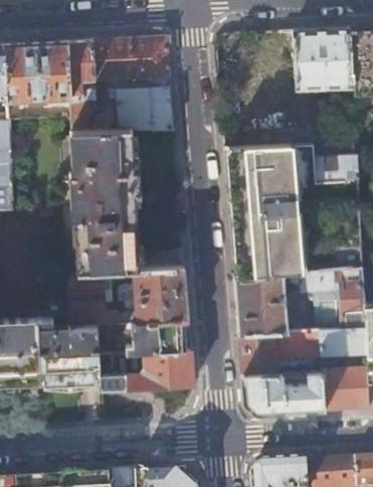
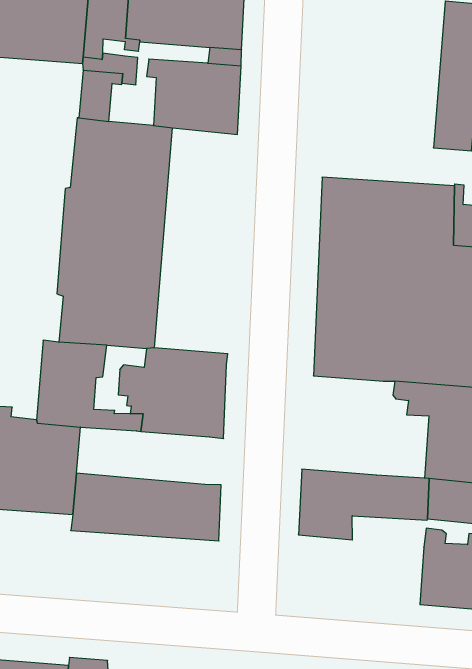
building: [235,273,292,334] -> none
building: [128,321,181,353] -> none
building: [243,373,325,413] -> none

